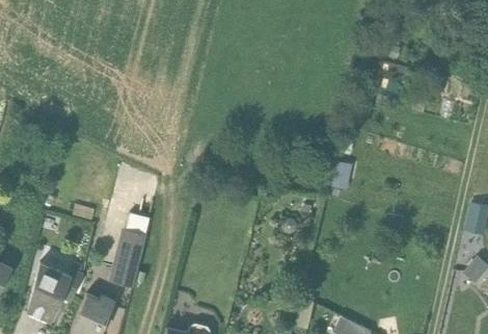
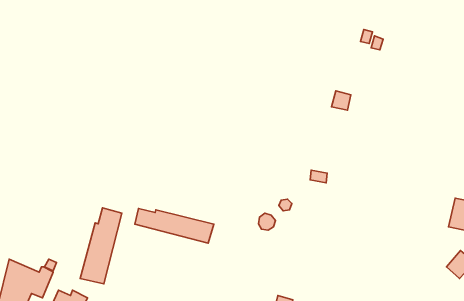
building: none -> [135,208,214,243]

